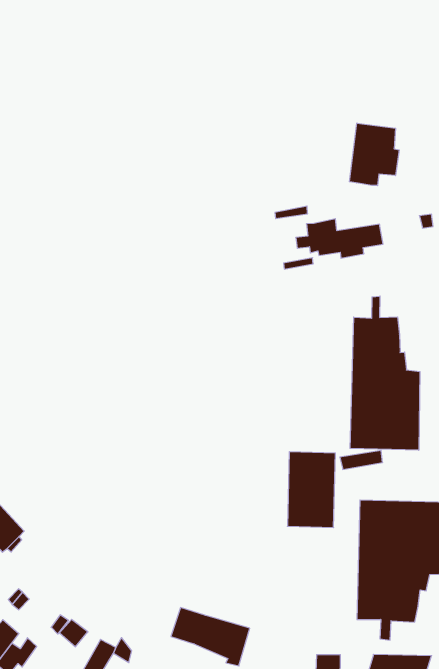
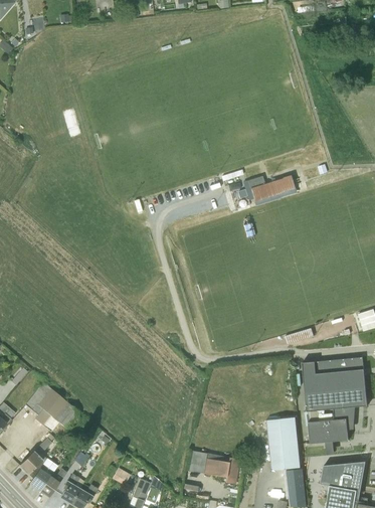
building: [349,123,399,186] -> none
building: [350,296,420,450] -> none
building: [287,452,335,528] -> [264,417,301,471]

